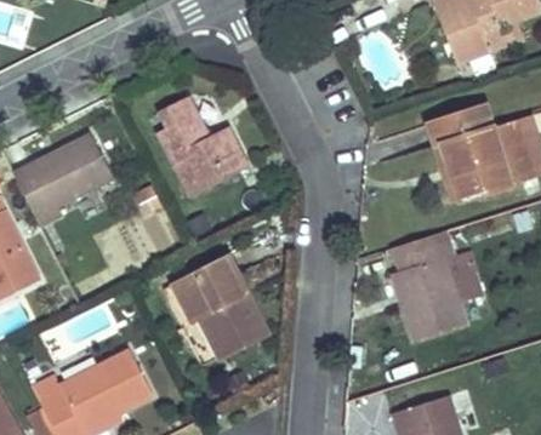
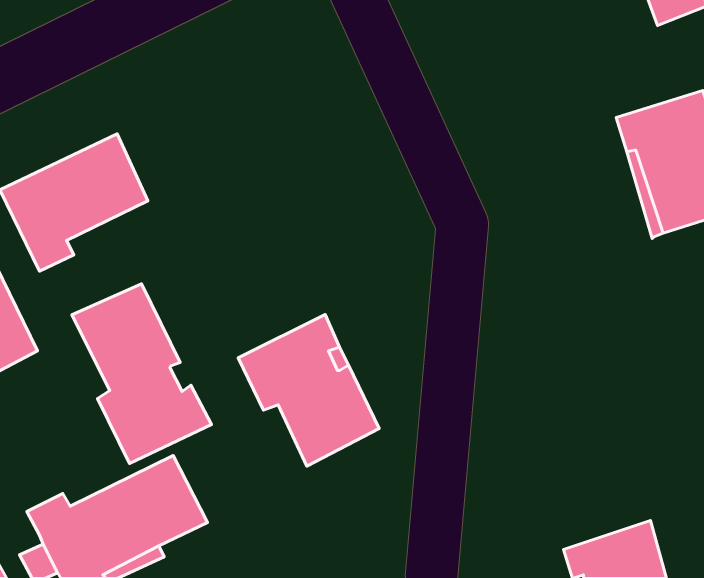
building: [156,96,249,196] -> none
building: [393,229,479,339] -> none
building: none -> [72,284,211,464]

